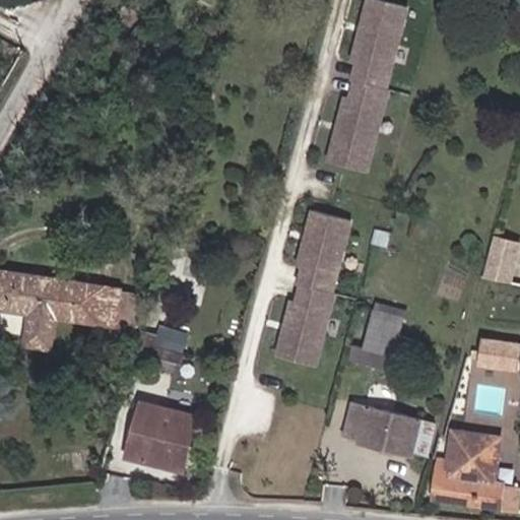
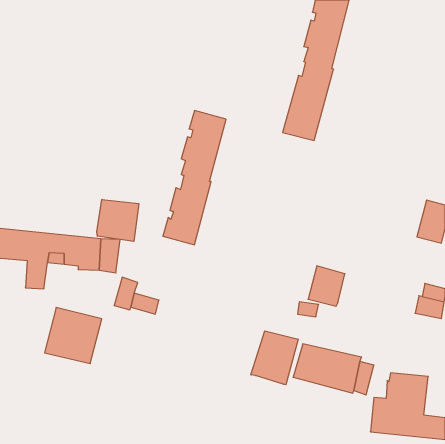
building: [275,206,348,362] -> [163,111,226,245]
building: none -> [97,199,139,241]
building: none -> [251,331,298,385]
building: [128,406,194,471] -> [45,307,102,364]

